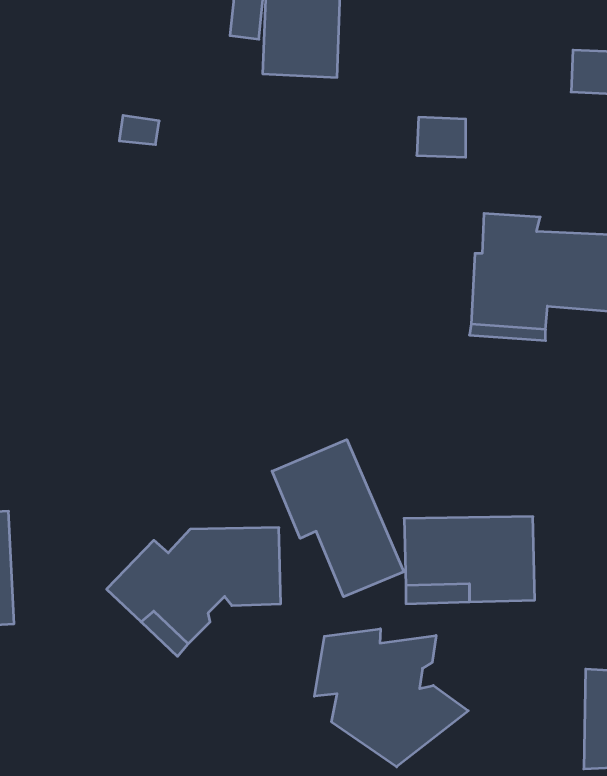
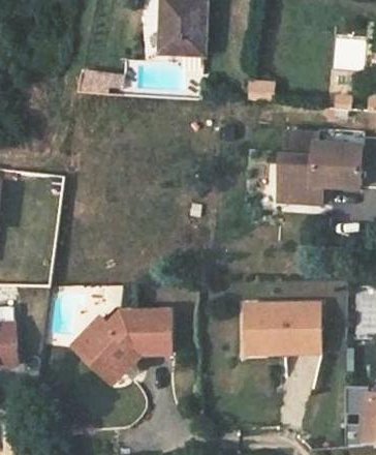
building: [272,440,404,597] -> none
building: [314,629,468,767] -> none

